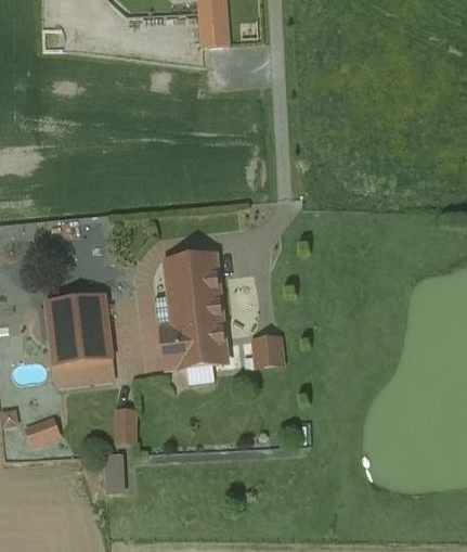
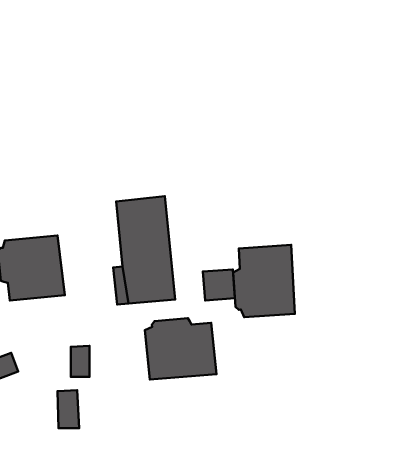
building: none -> [233,245,295,317]
building: [53,357,114,385] -> none
building: none -> [145,318,216,380]

